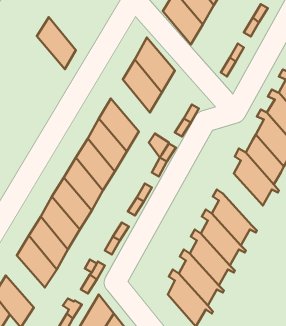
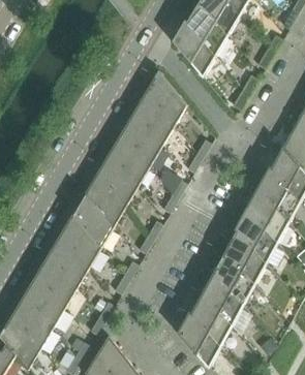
building: [37,17,76,69] -> [121,115,161,168]
building: none -> [237,208,283,265]
building: none -> [12,296,53,350]

